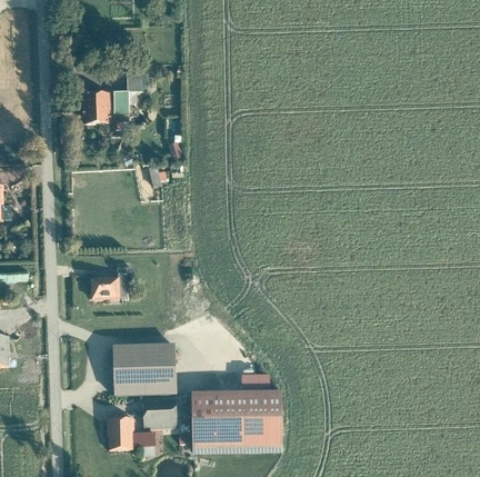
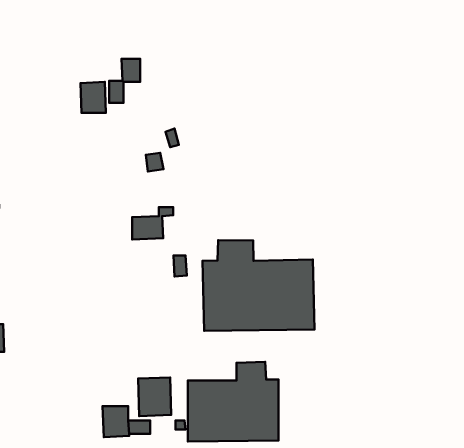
building: none -> [203,240,315,331]
building: [89,267,130,299] -> [132,207,173,239]
building: [114,345,174,390] -> none

